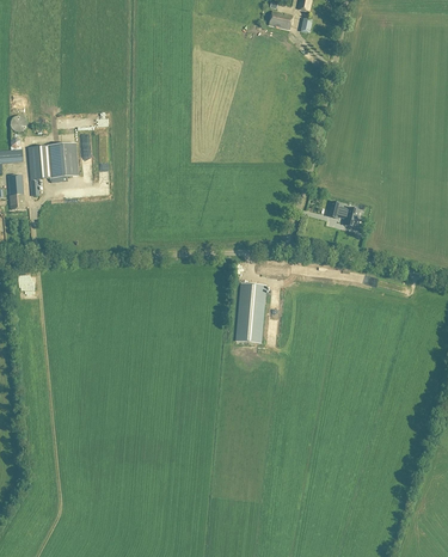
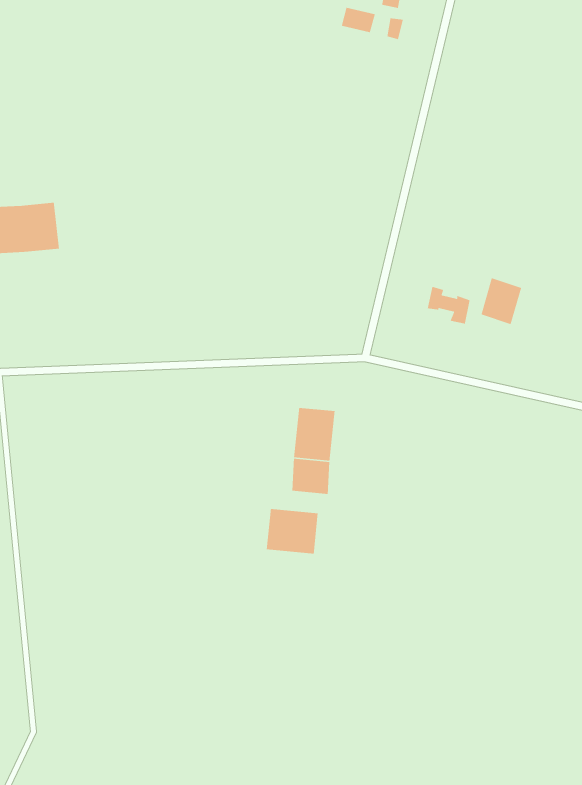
building: none -> [480,277,522,325]
building: none -> [266,508,319,554]

